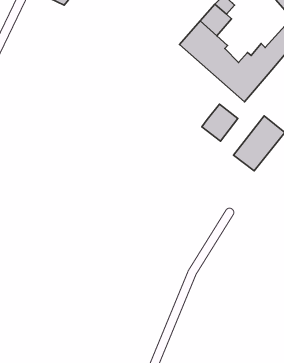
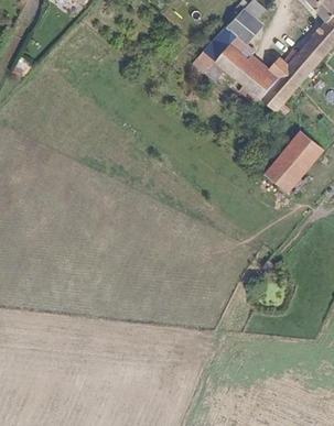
building: [202,104,238,141] -> none

